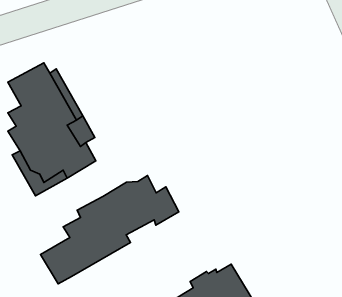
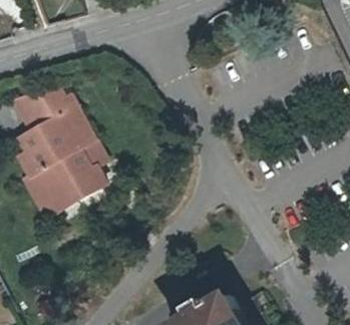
building: [40,175,179,284] -> none

